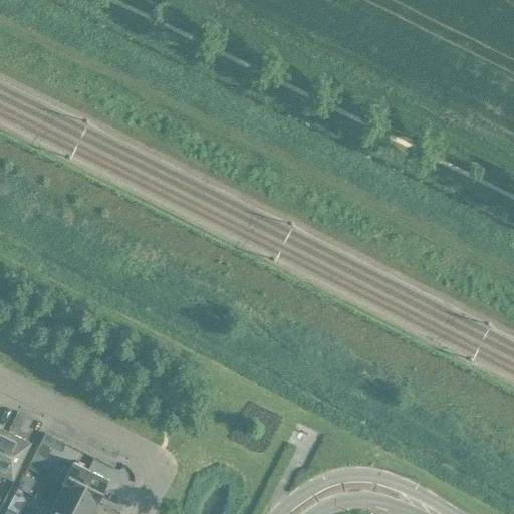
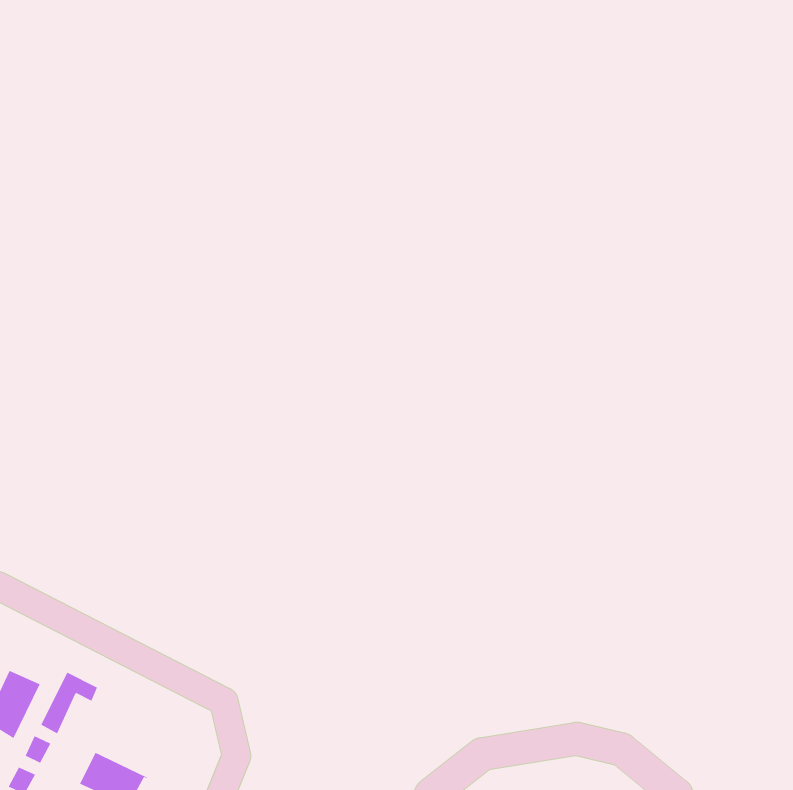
building: [60,465,106,505] -> none

